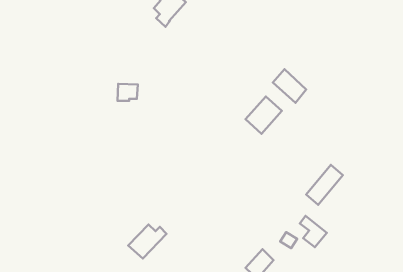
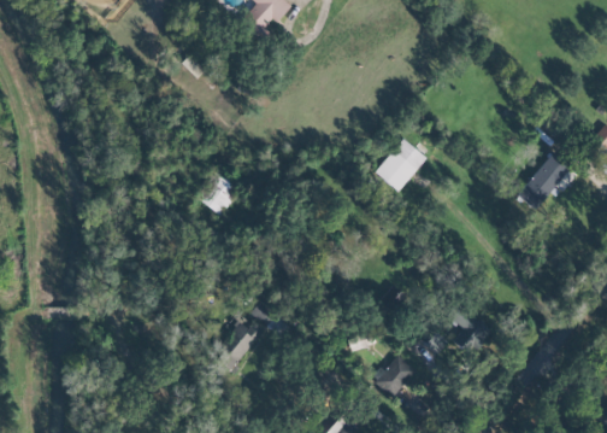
building: [273,69,306,103] -> none
building: [117,84,138,101] -> [207,181,236,205]
building: [306,165,343,205] -> [518,153,570,210]

